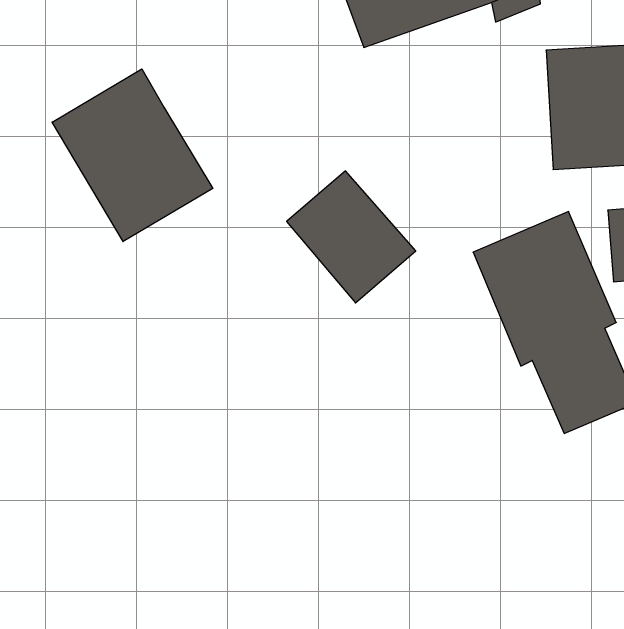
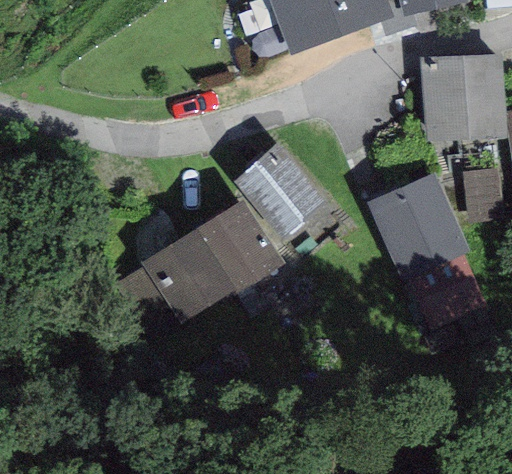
building: [52,69,213,242] -> none
building: none -> [109,199,286,339]

